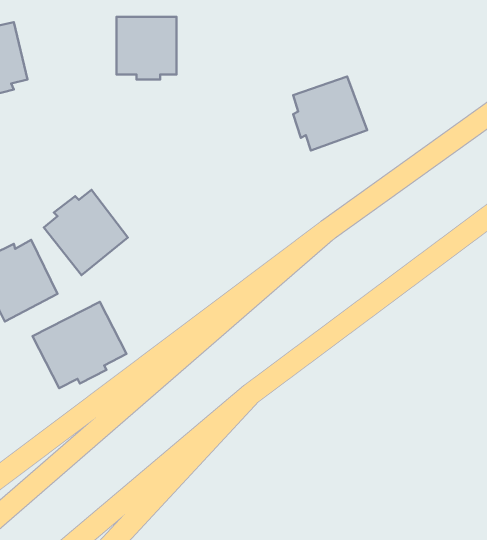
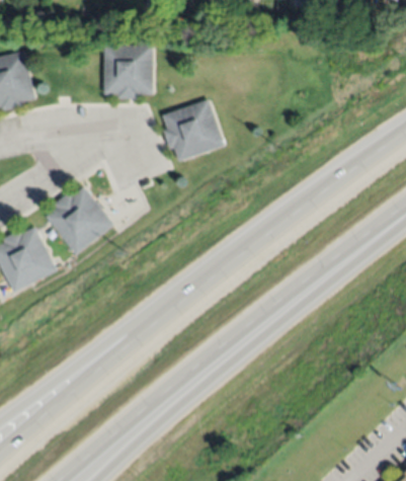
building: [293,76,367,150] -> [164,100,224,160]
building: [33,302,127,388] -> none

